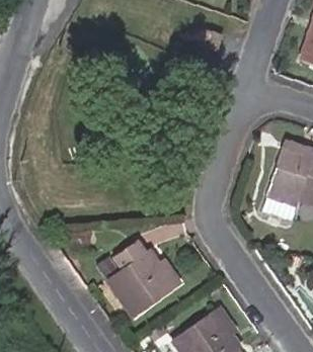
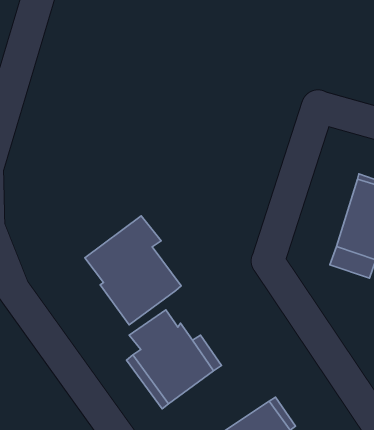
building: none -> [85,216,181,325]

